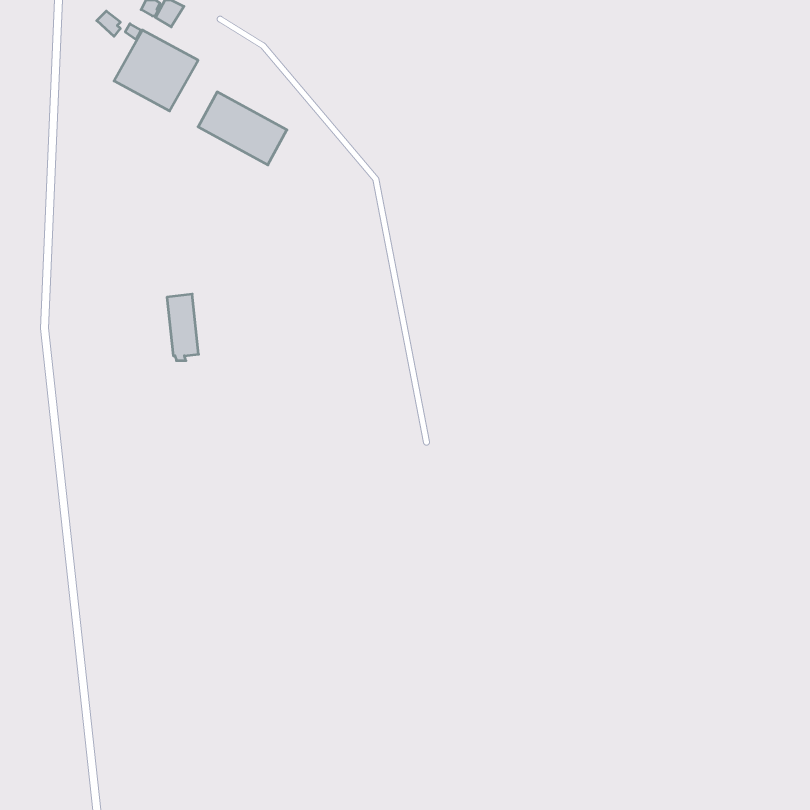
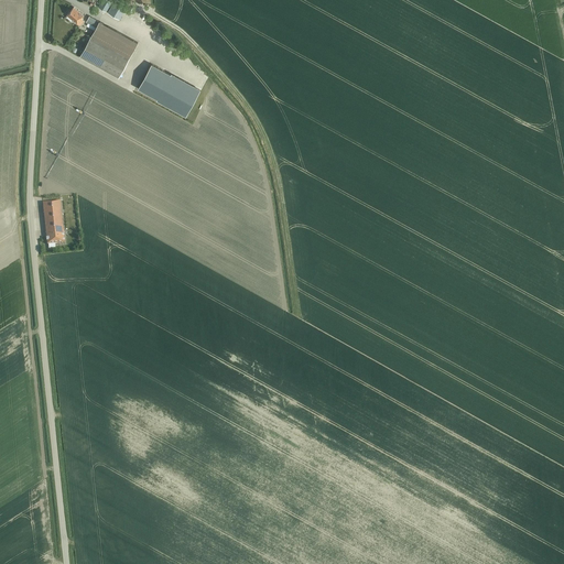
building: [167,294,199,361] -> [43,202,65,248]

